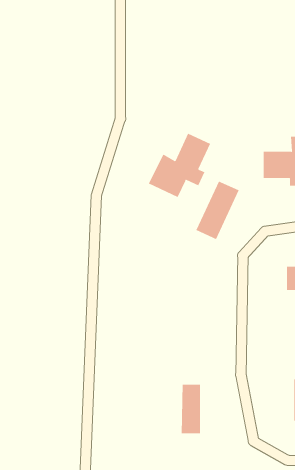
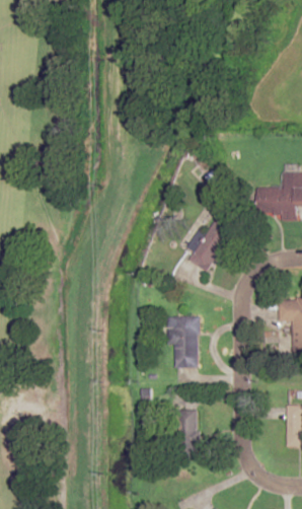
building: [148,133,211,198] -> none
building: none -> [171,316,198,368]

